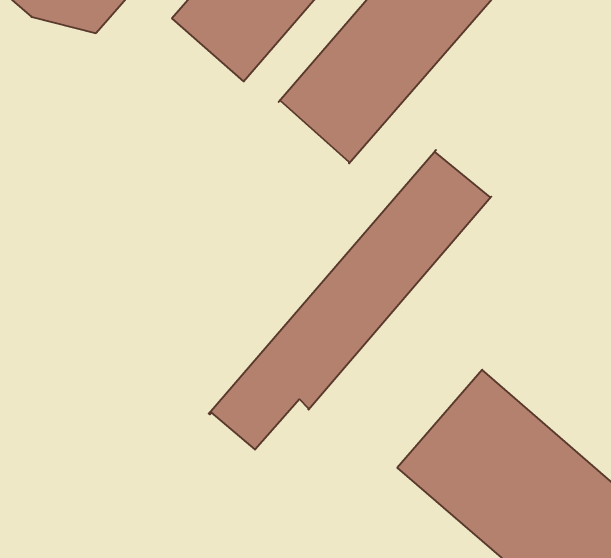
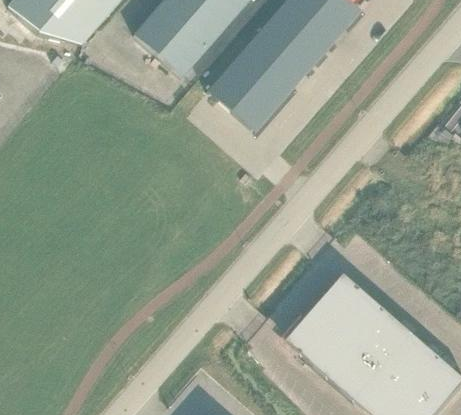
building: [209,150,491,450] -> none

